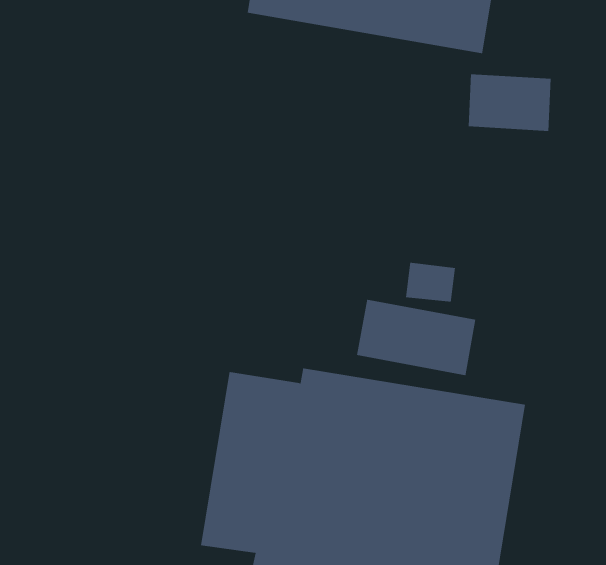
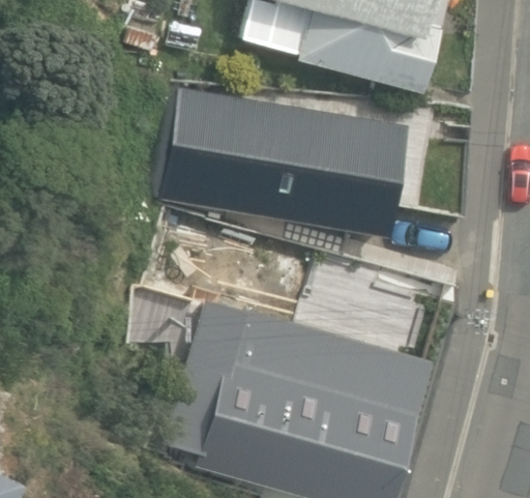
building: none -> [177,97,371,225]

